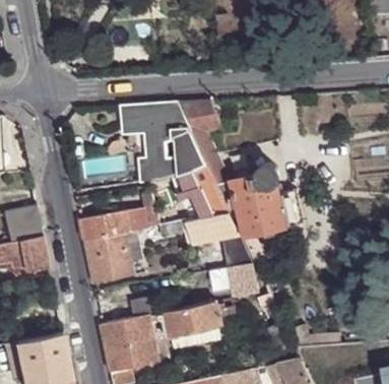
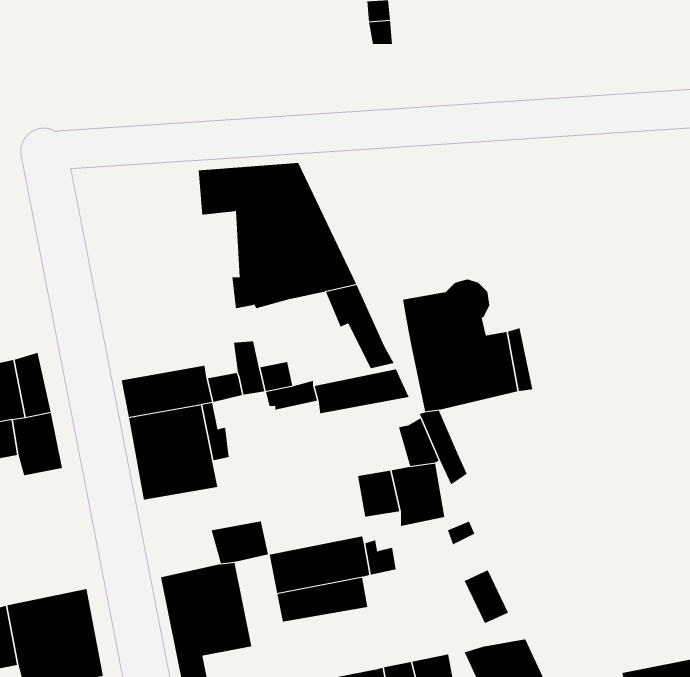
building: [177,101,233,201] -> none
building: [172,172,215,216] -> none

